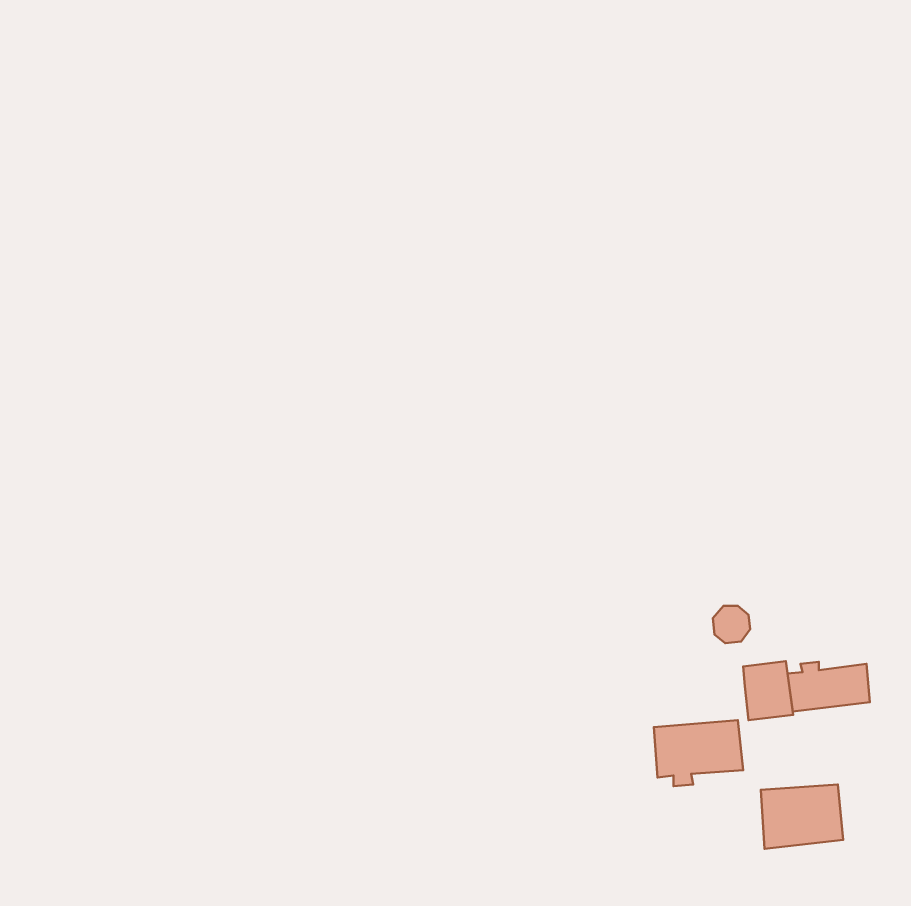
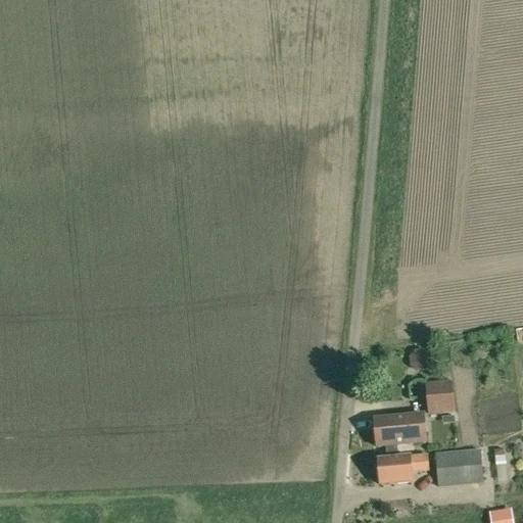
building: [788,662,870,711] -> none
building: none -> [378,448,428,482]

